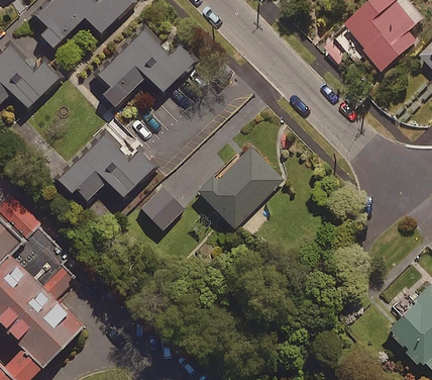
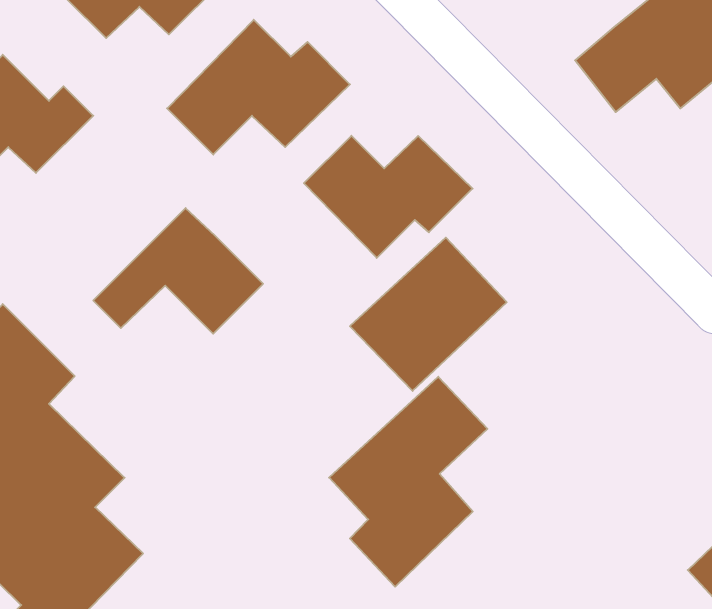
building: none -> [304,136,473,258]
building: [138,187,185,233] -> none
building: none -> [329,377,487,587]

